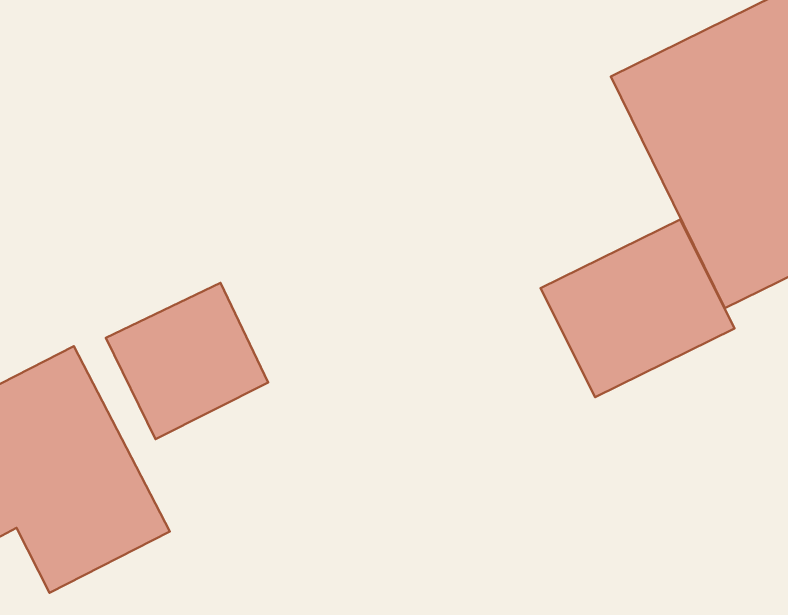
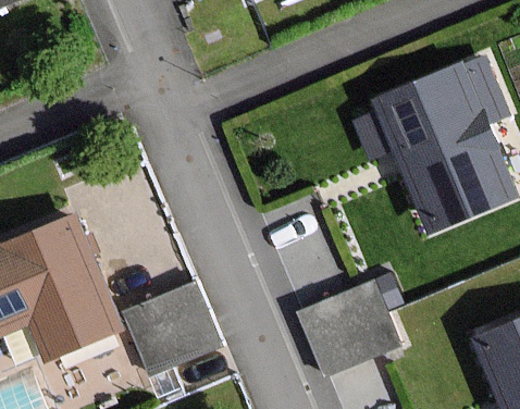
building: [541,219,735,397] -> [293,282,397,375]
building: [106,283,268,439] -> [127,286,214,369]

